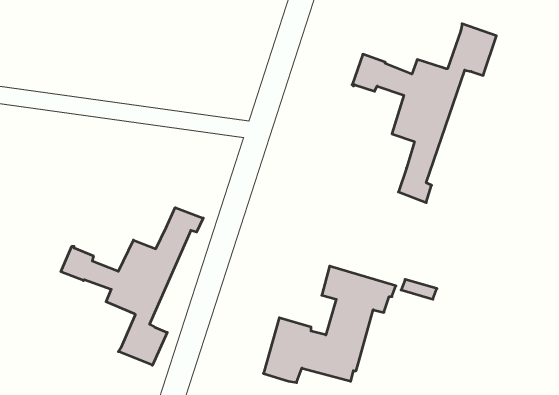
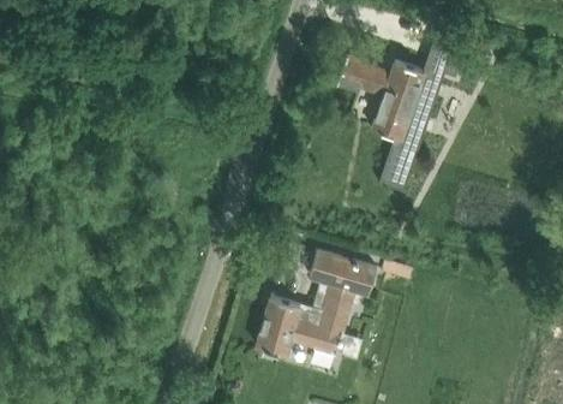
building: [61,208,203,365] -> none

